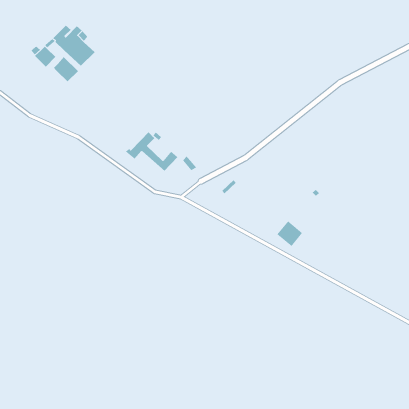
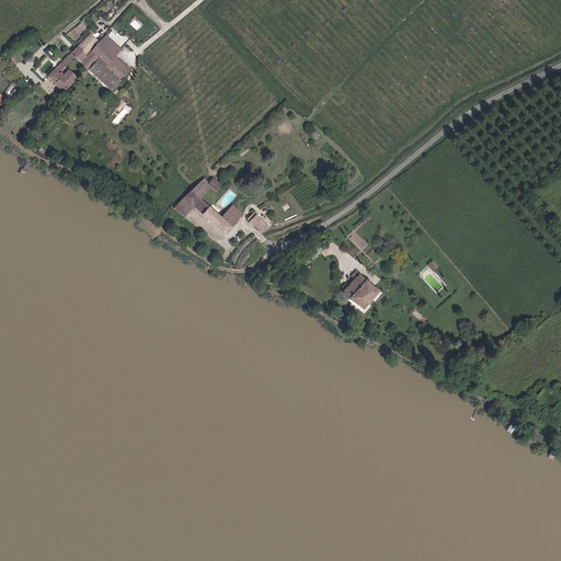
building: [53,57,79,82] -> none
building: [276,220,303,247] -> [343,272,379,308]

